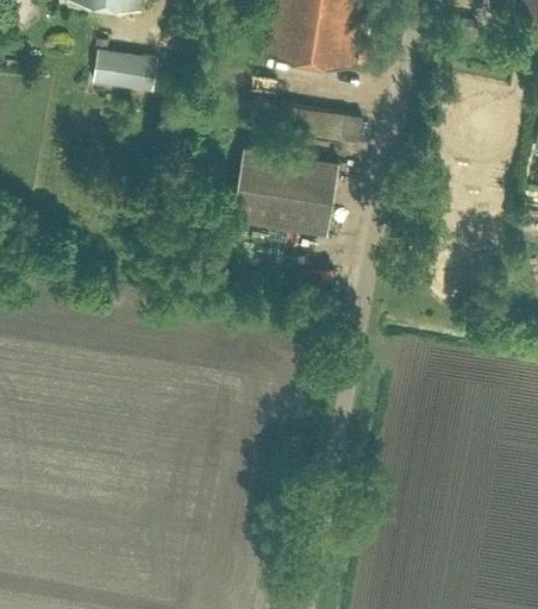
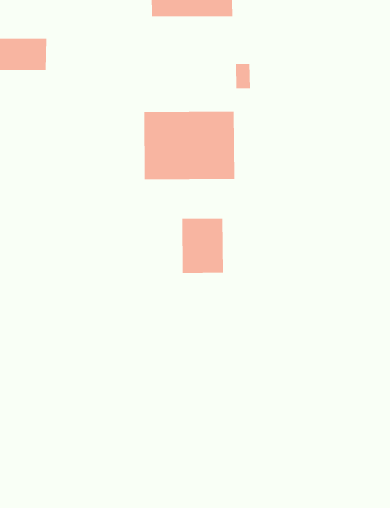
building: none -> [182,218,224,274]

